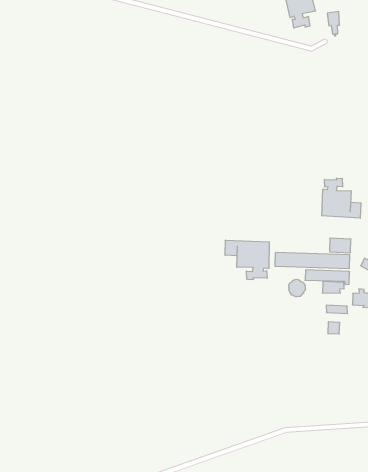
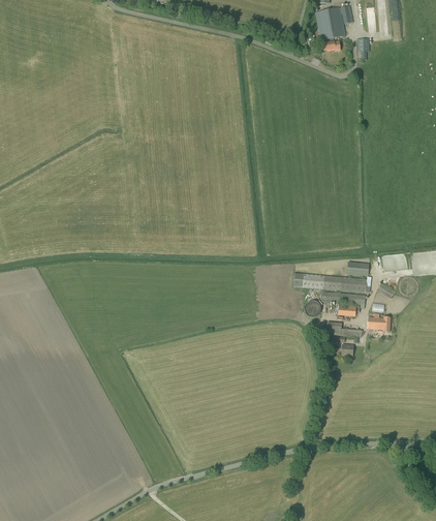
building: [322,178,361,218] -> none
building: [225,240,269,280] -> none

